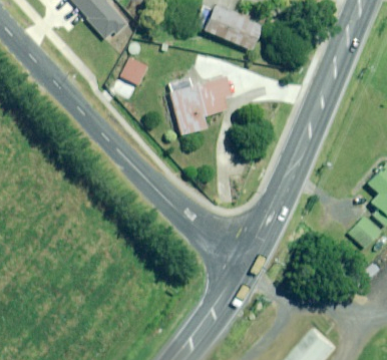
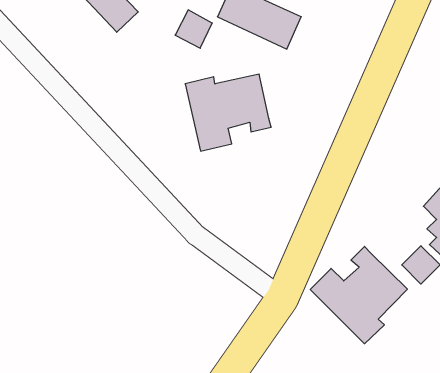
building: [117,54,148,86] -> [175,10,212,48]
building: none -> [310,246,407,344]

